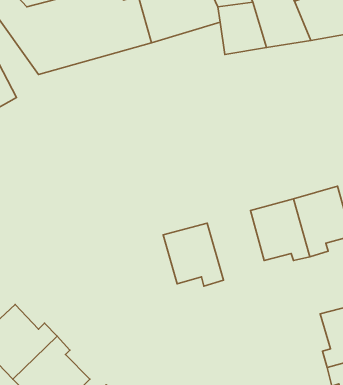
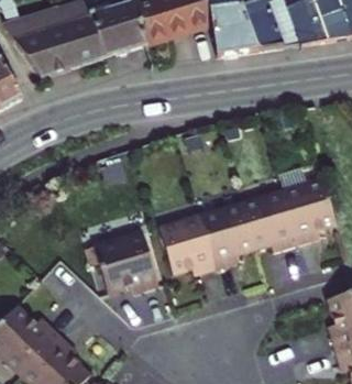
building: none -> [205,206,258,272]
building: none -> [97,233,162,296]

